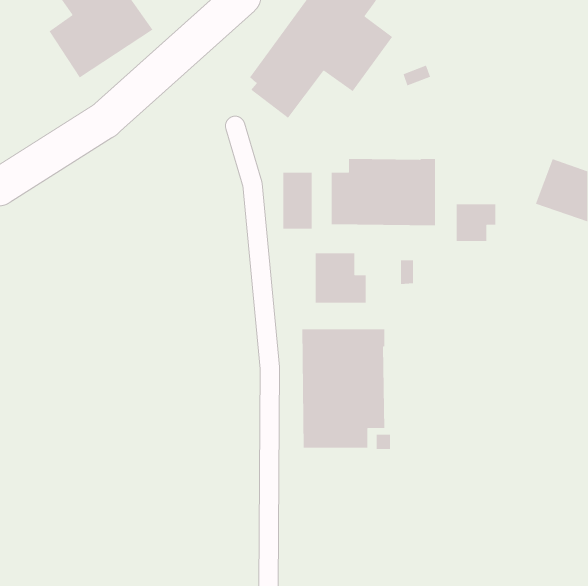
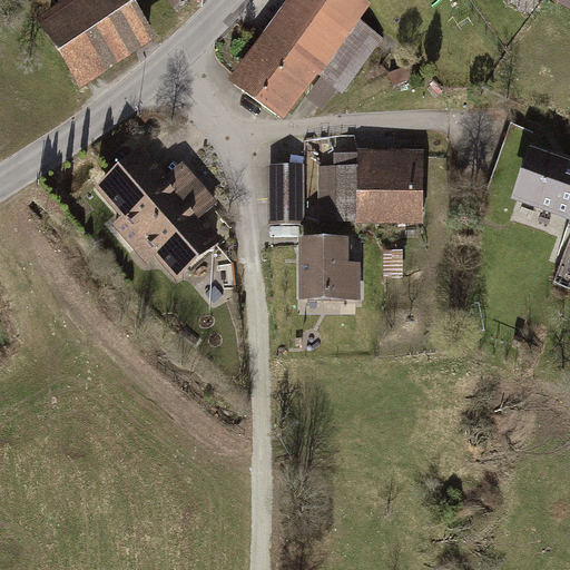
building: none -> [102,154,214,272]
building: [456,204,496,242] -> none
building: [302,329,385,448] -> none

